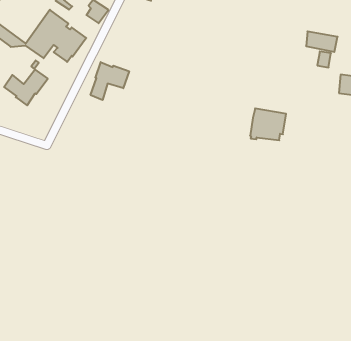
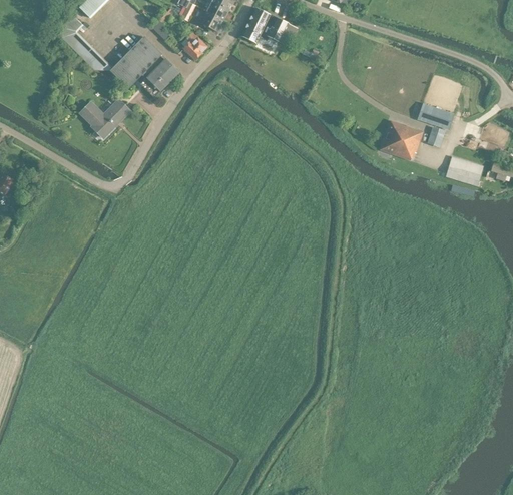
building: [91,62,129,100] -> none
building: [250,108,286,140] -> [380,120,423,159]

